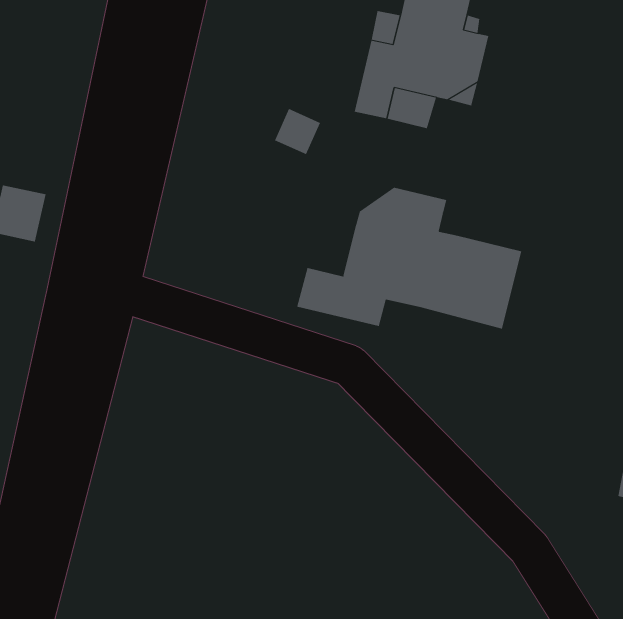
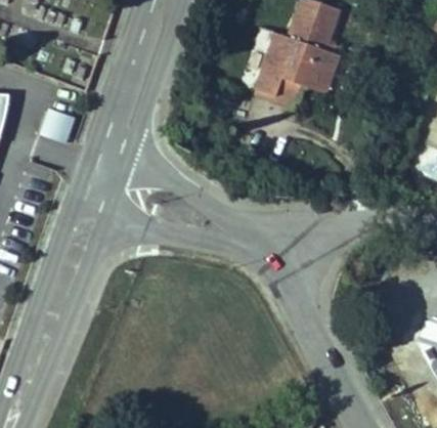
building: [297,187,522,329] -> none

